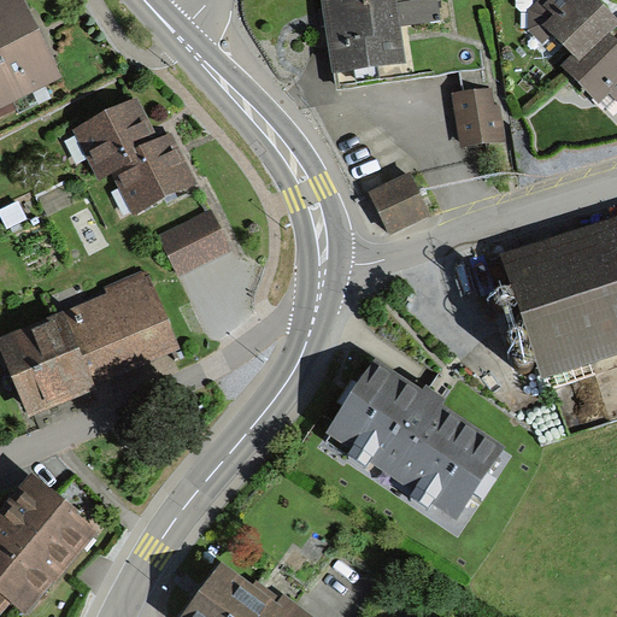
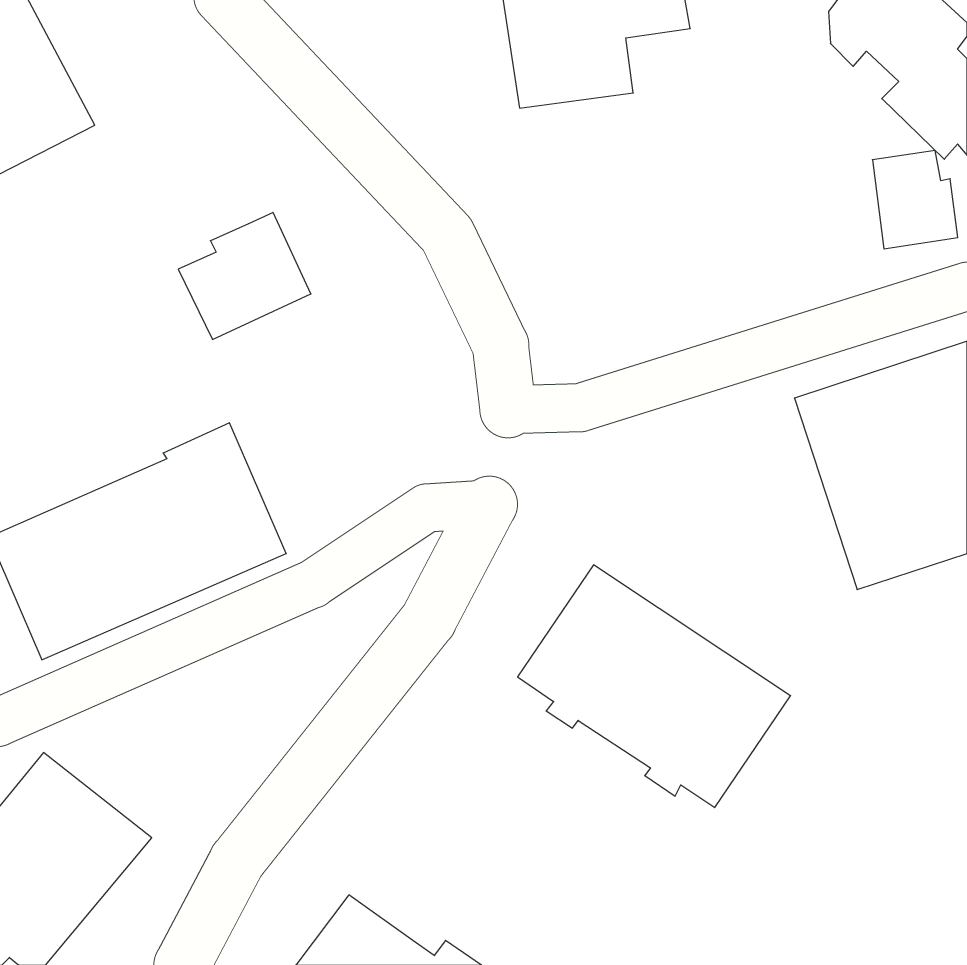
building: [451,83,505,146] -> [872,150,958,249]
building: [74,100,158,180] -> none
building: [366,169,429,231] -> none
building: [155,207,231,277] -> none

